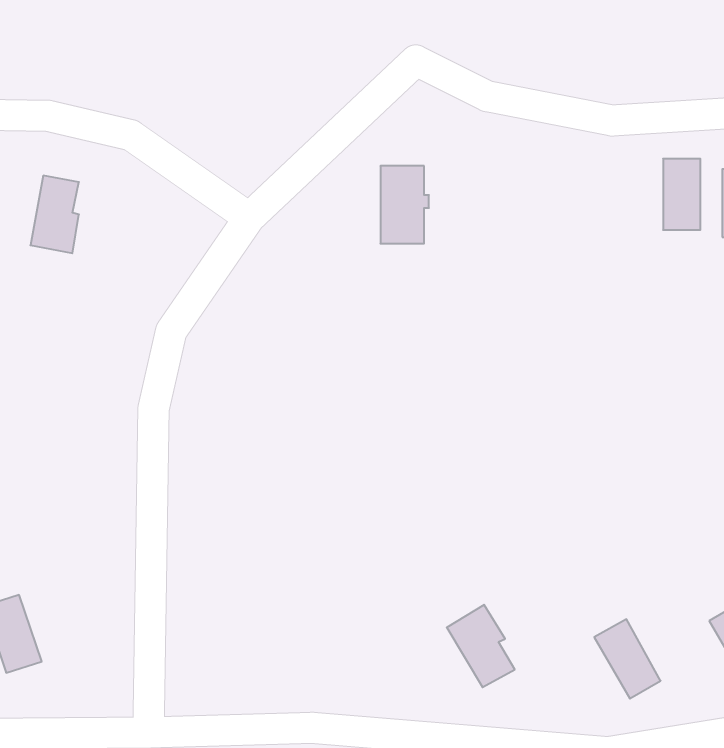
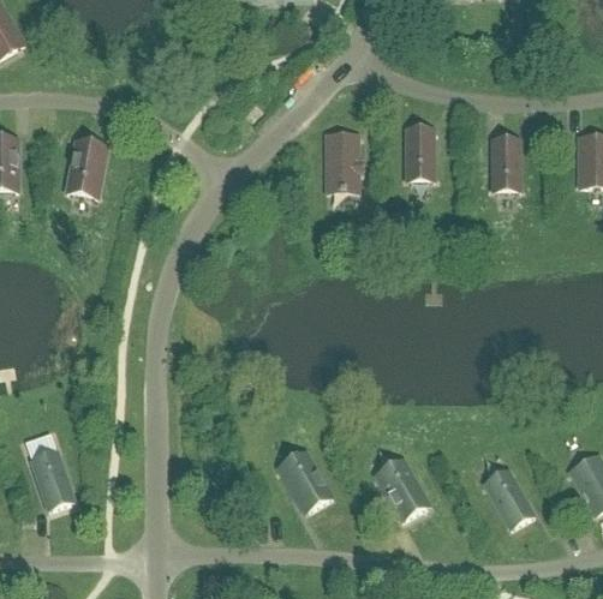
building: [663,159,700,230] -> [492,137,520,190]
building: none -> [406,127,434,179]
building: none -> [277,450,332,509]

